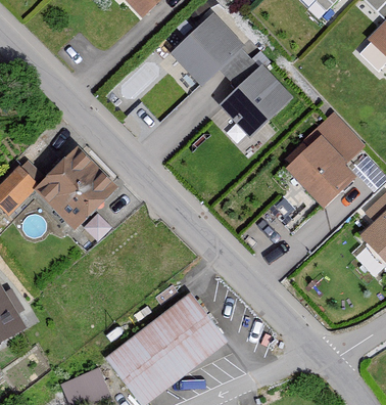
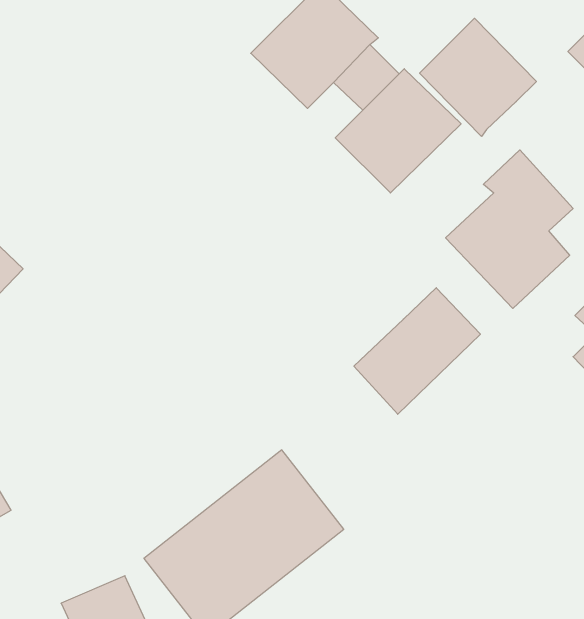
building: none -> [420,18,536,136]
building: [35,145,120,241] -> none
building: none -> [354,288,480,414]

